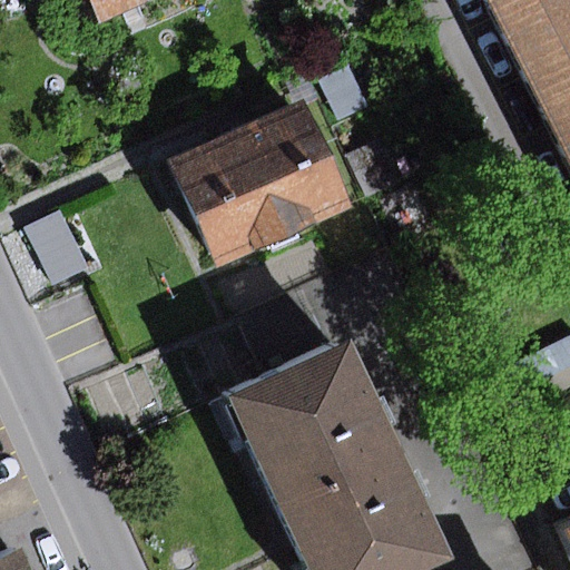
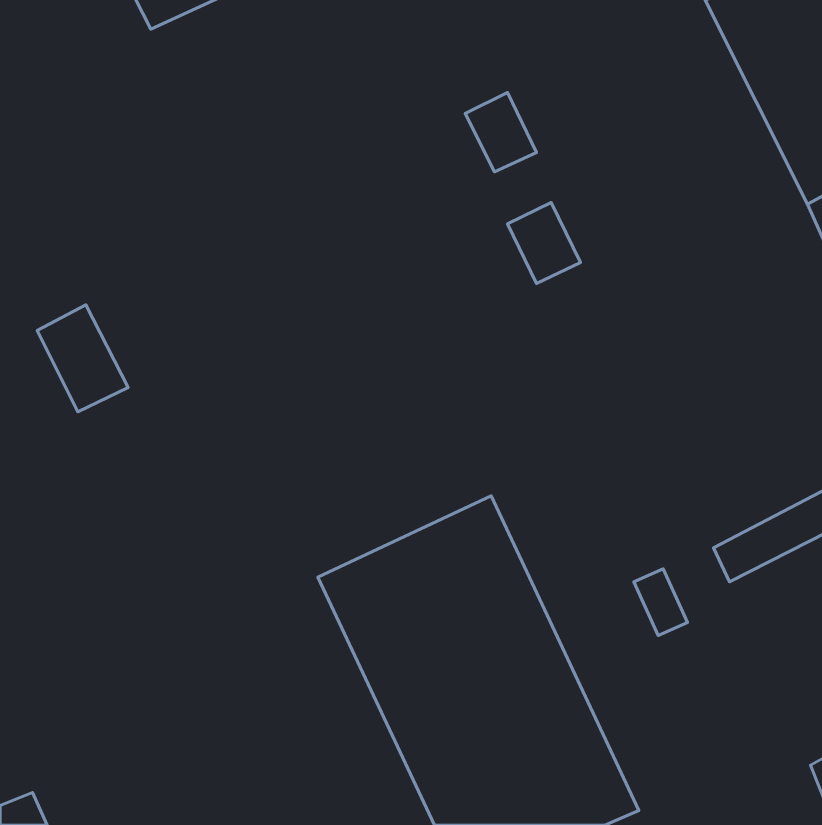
building: [171,98,354,265] -> none

